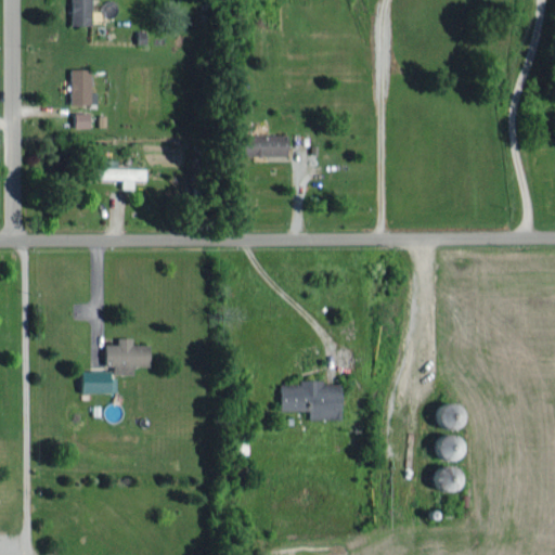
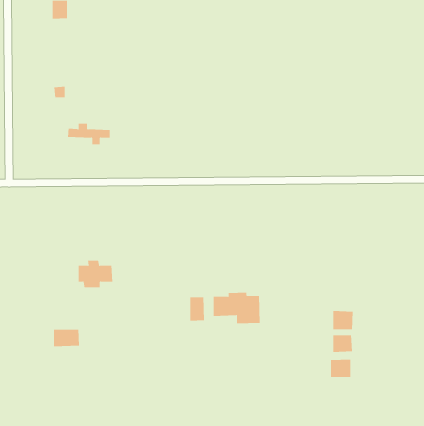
building: [72,69,92,105] -> none
building: [244,135,288,157] -> none
building: [82,372,117,395] -> [53,329,80,347]
building: none -> [190,296,204,321]

